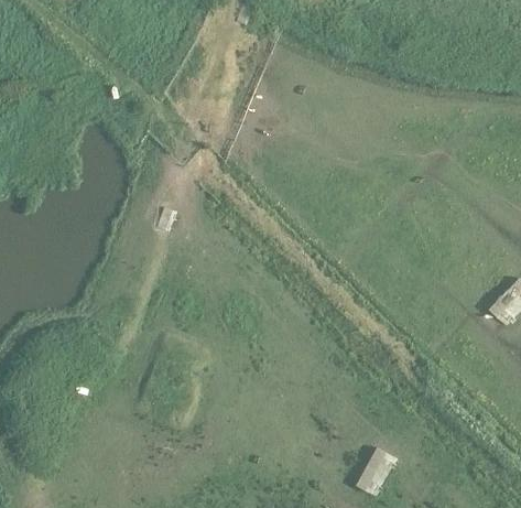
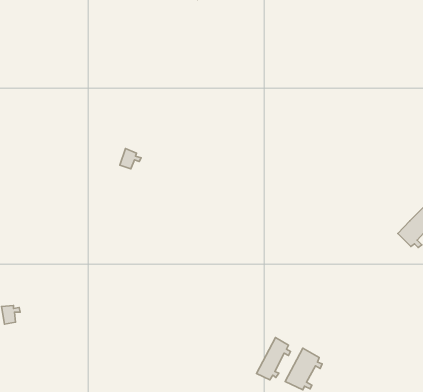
building: none -> [257,337,291,380]

